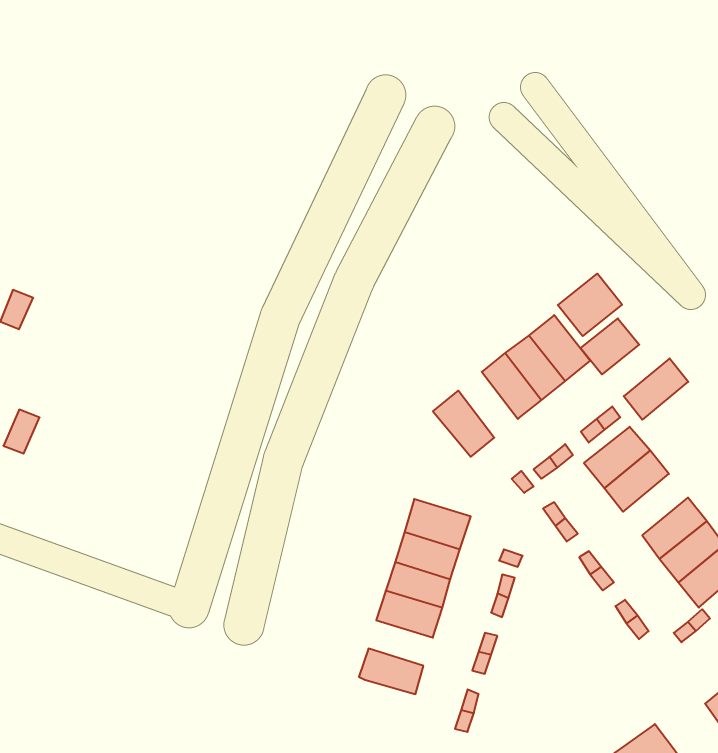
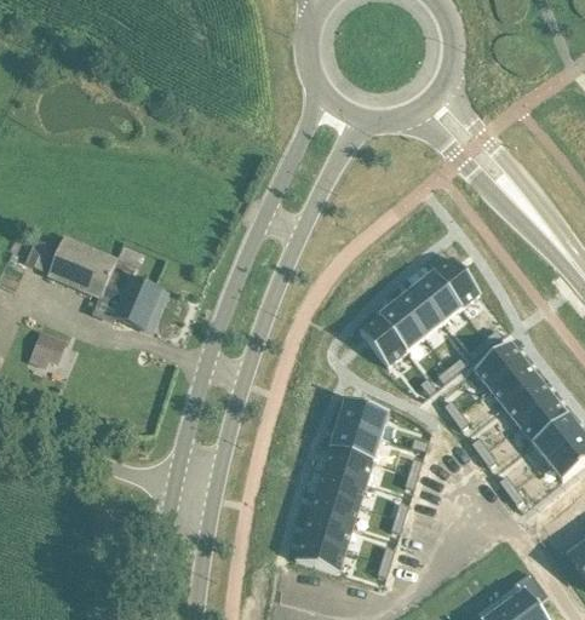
building: [558,274,622,336] -> none
building: none -> [48,234,165,327]
building: [580,318,639,374] -> none
building: [624,358,688,420] -> [506,379,556,426]
building: none -> [379,300,425,351]
building: none -> [310,492,360,527]
building: none -> [296,535,346,573]

